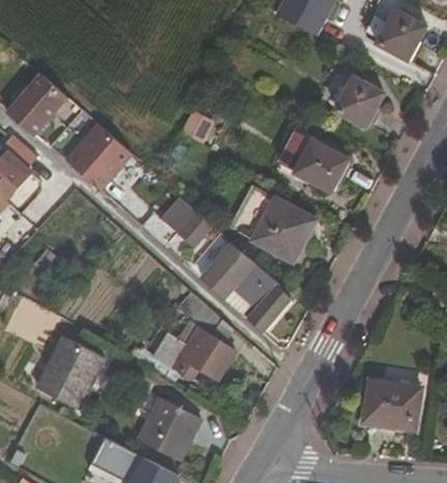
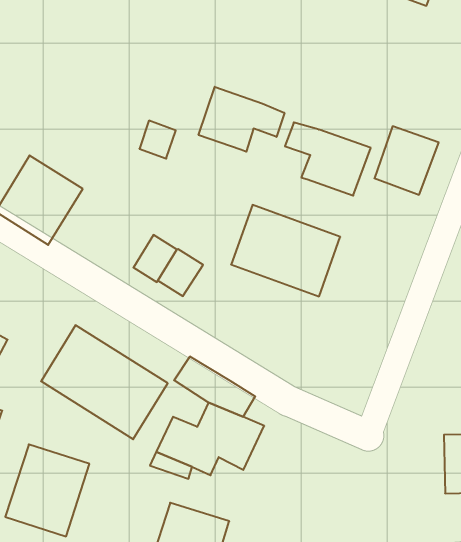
building: [333,74,385,128] -> [374,126,439,195]
building: none -> [199,87,284,152]
building: [200,242,293,333] -> [41,325,168,439]

